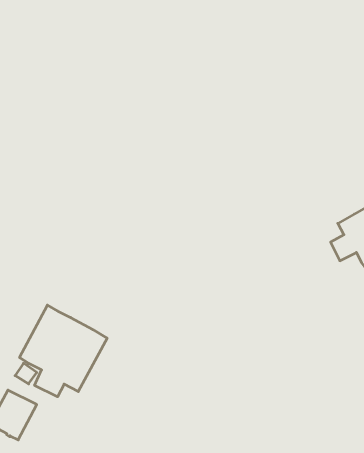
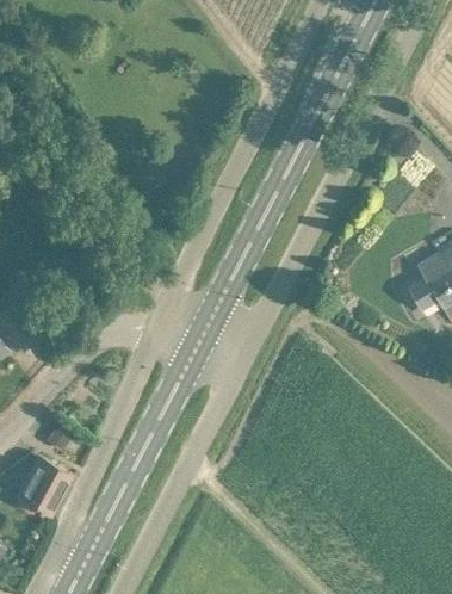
building: [20,305,107,397] -> none

